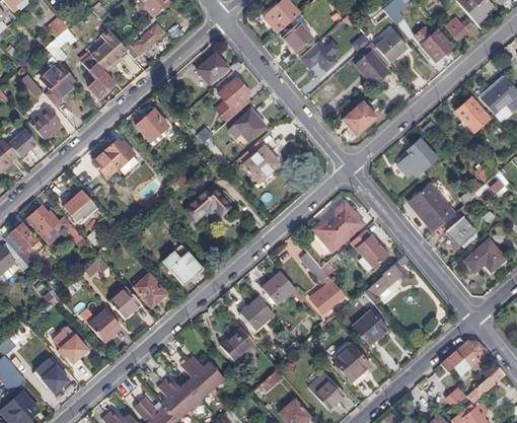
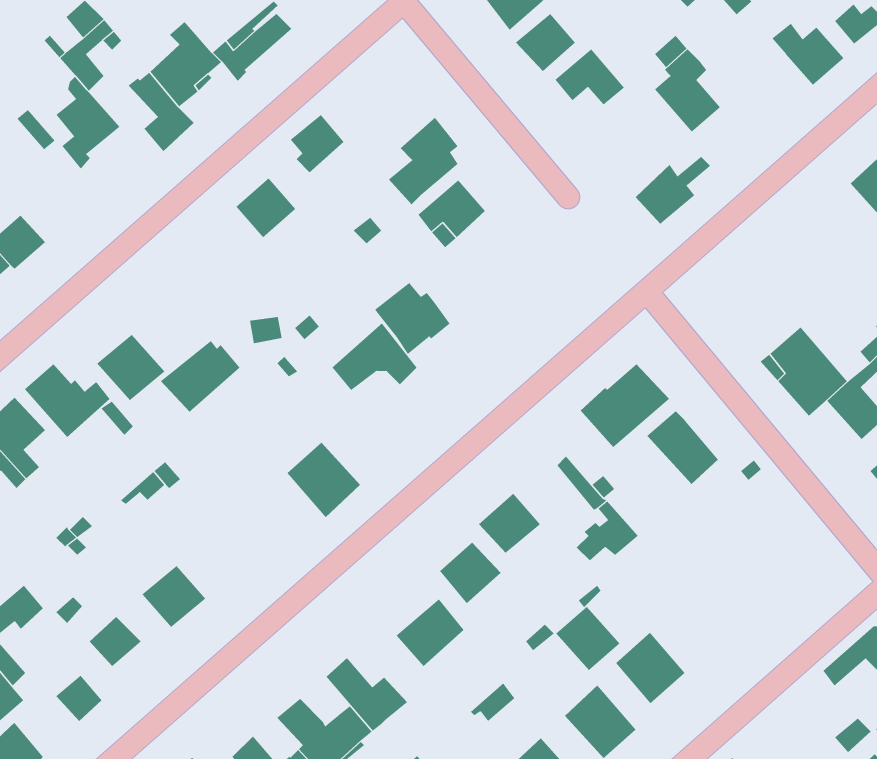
building: [377,33,408,64] -> none
building: [200,53,228,83] -> [290,114,345,173]
building: [29,105,62,138] -> none
building: [91,140,133,178] -> [160,340,240,413]
building: [394,140,435,179] -> none
building: [240,141,280,179] -> [374,282,451,355]
building: [364,262,408,304] -> none
building: [133,274,165,307] -> none
building: [107,287,140,319] -> none
building: [353,310,386,344] -> [556,606,620,671]

